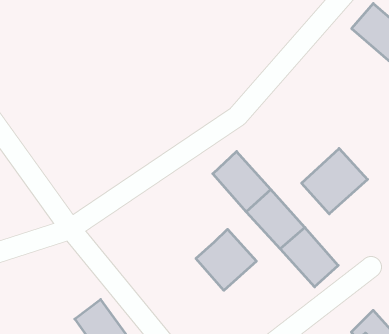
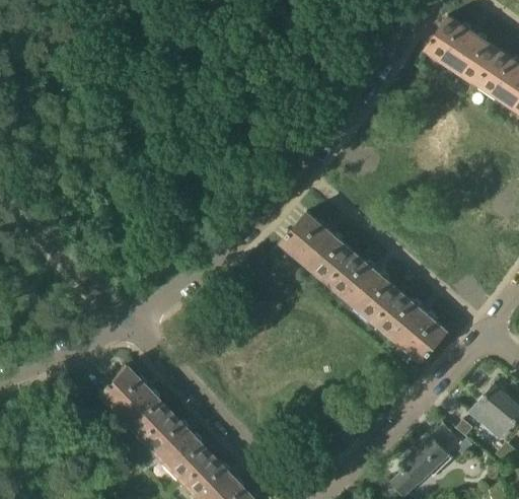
building: [302,148,368,214] -> none
building: [196,229,256,290] -> none
building: none -> [96,365,167,437]

